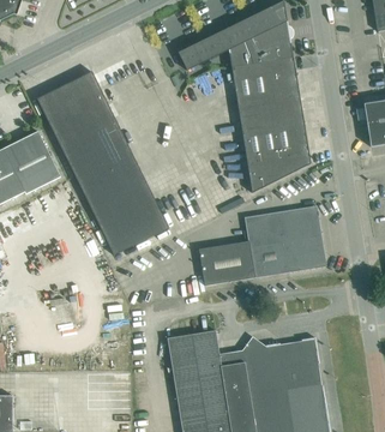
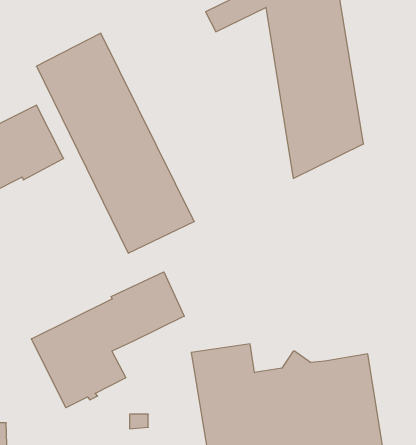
building: [199,205,326,286] -> none
building: none -> [31,272,184,408]

